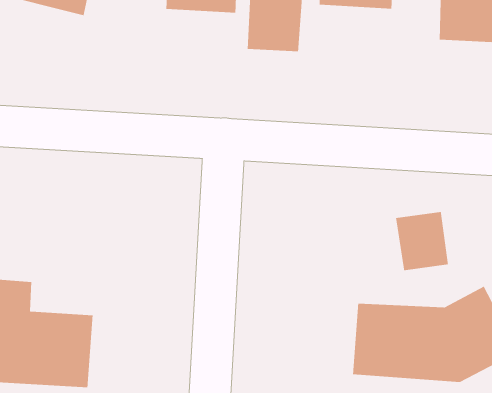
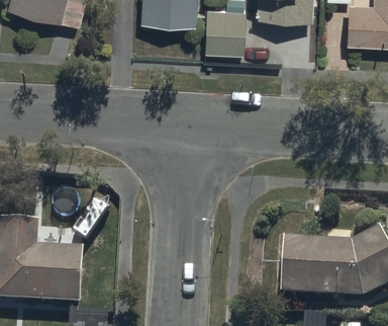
building: [395,211,449,271] -> none

